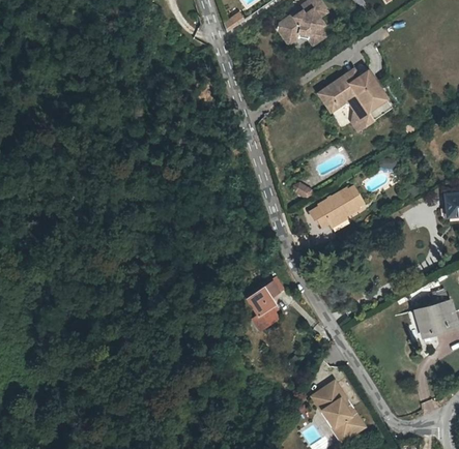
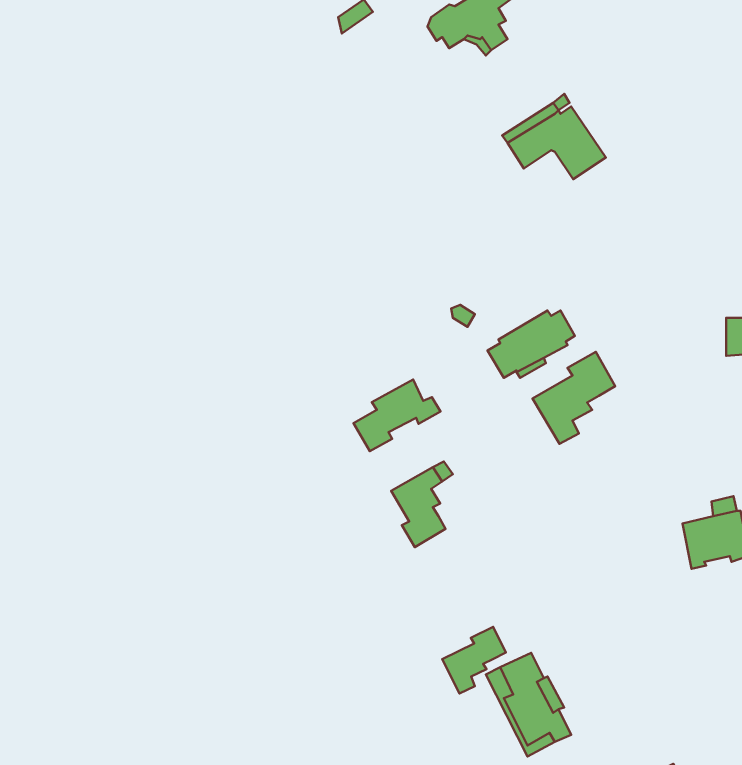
building: none -> [532,352,615,444]
building: none -> [354,379,441,451]
building: none -> [442,627,506,693]

